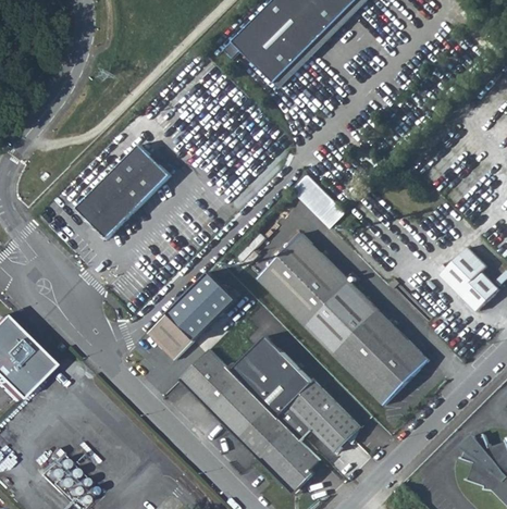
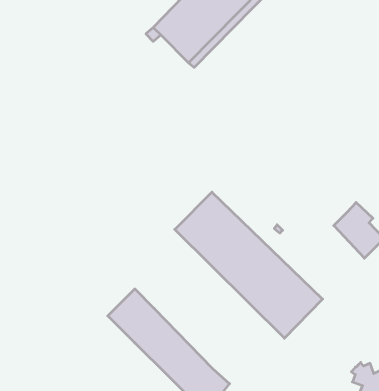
building: [76,146,171,239] -> none
building: [292,172,345,225] -> none
building: [146,271,236,359] -> none
building: [232,337,359,452] -> none

